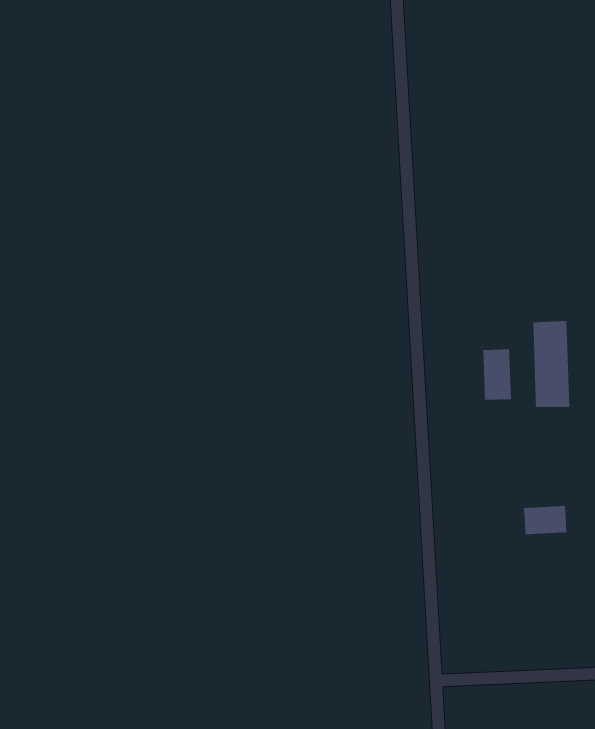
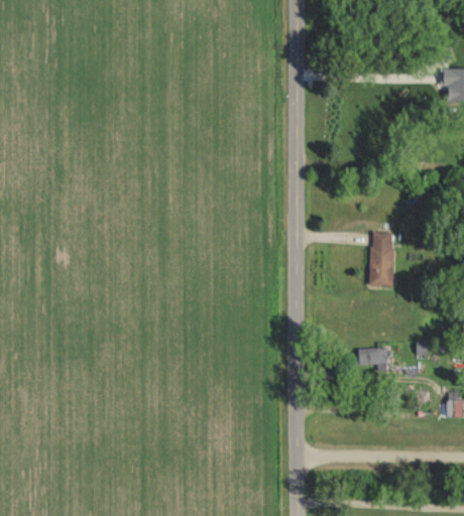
building: [483,349,511,401] -> none

